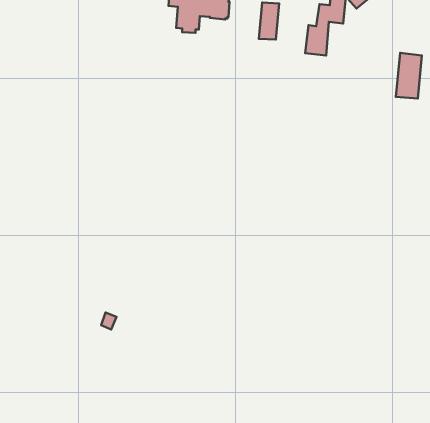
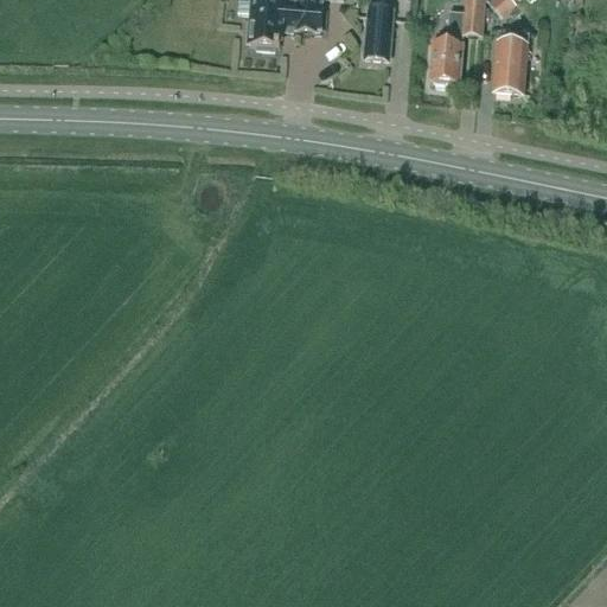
building: [396,53,422,98] -> [492,26,529,90]

